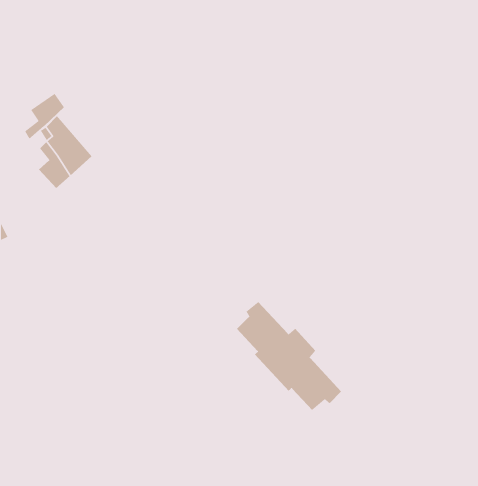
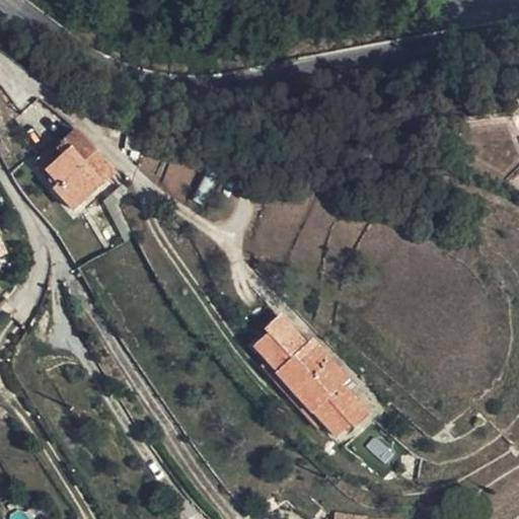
building: [24,93,65,140] -> none

